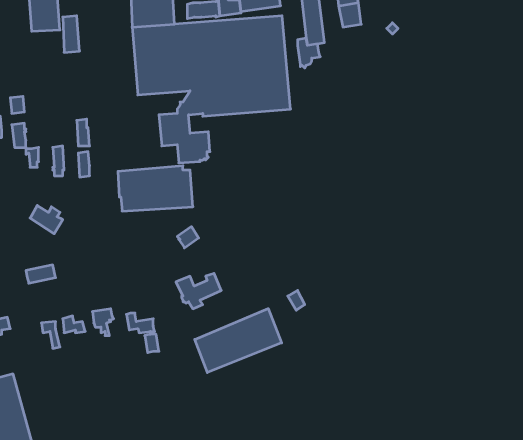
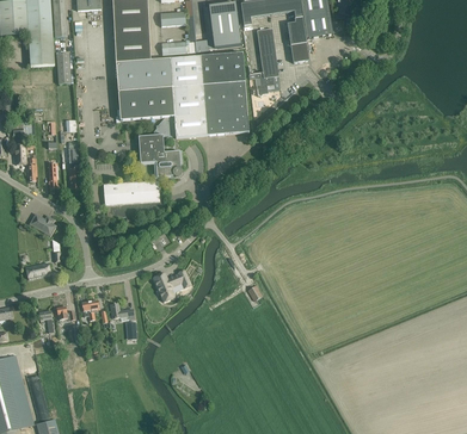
building: [195,309,282,373] -> none

